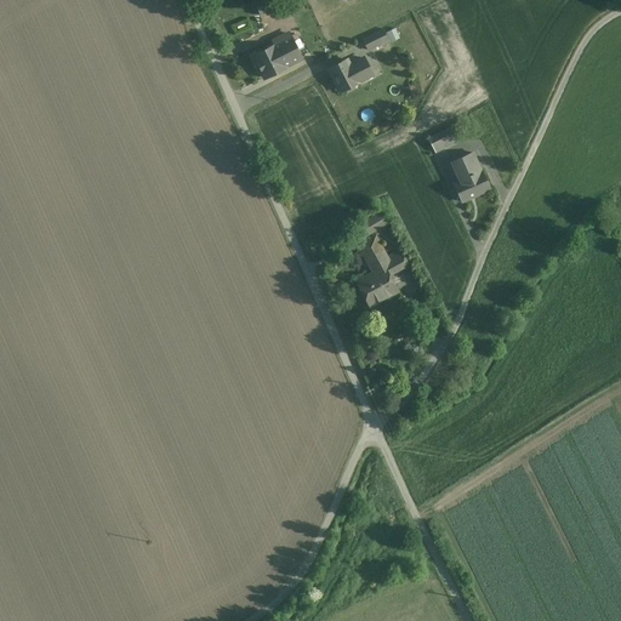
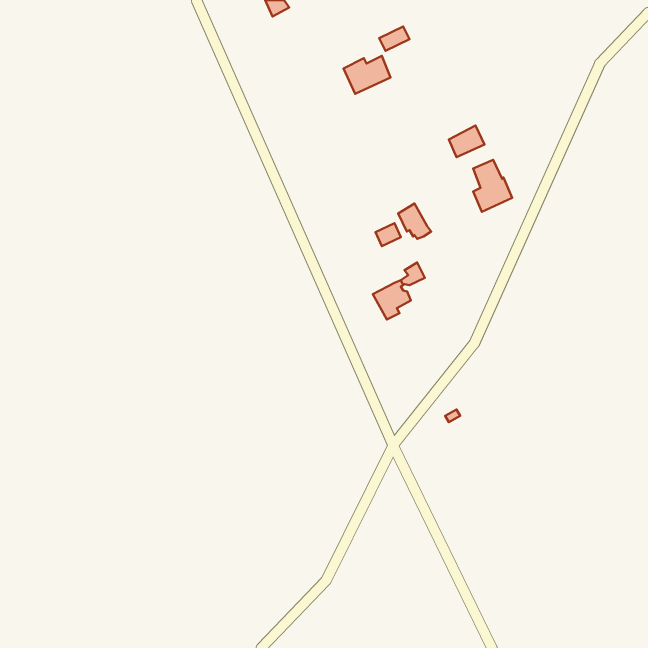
building: [253,34,301,79] -> none
building: [359,237,391,270] -> [398,203,431,239]

